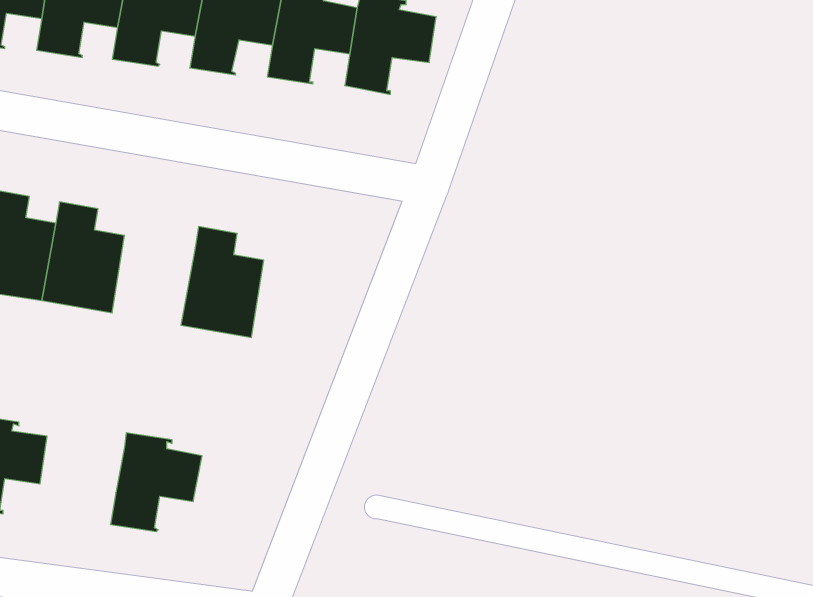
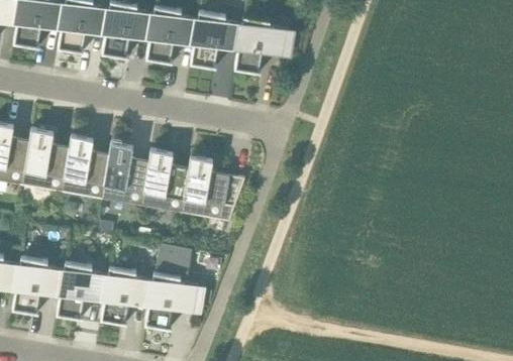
building: none -> [101,141,148,205]
building: none -> [181,155,244,220]
building: none -> [144,242,198,328]
building: none -> [57,261,108,318]

